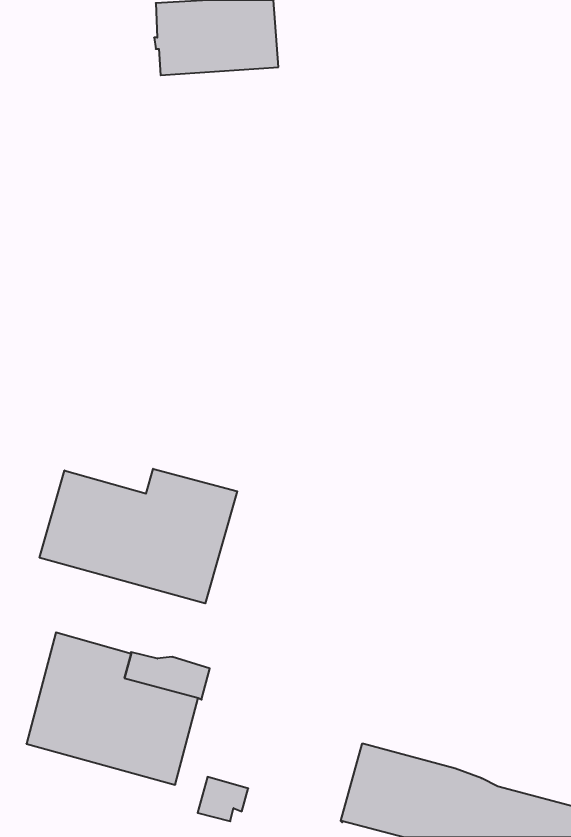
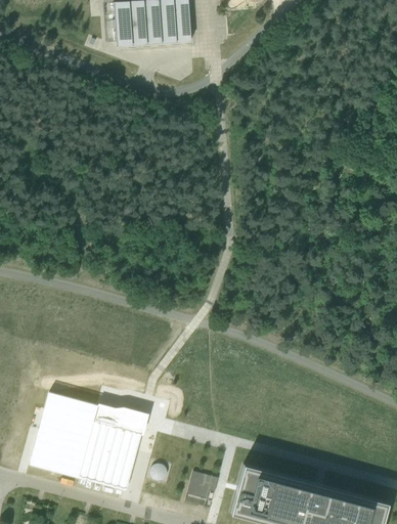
building: [40,469,237,603] -> none
building: [198,777,248,821] -> [186,471,218,498]

